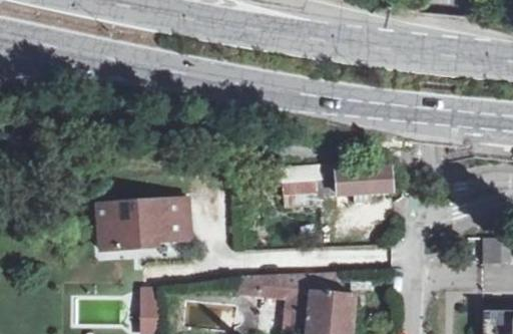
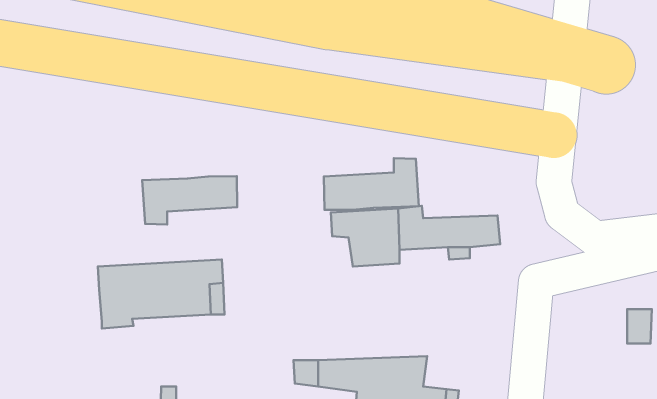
building: none -> [324,158,419,210]
building: none -> [142,176,237,225]

